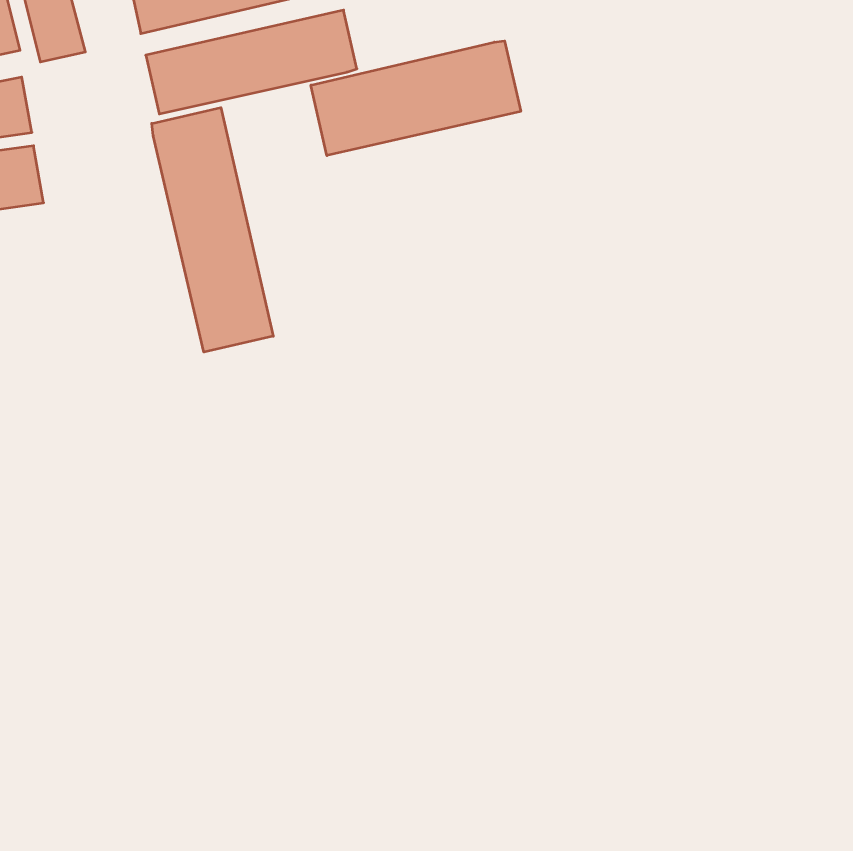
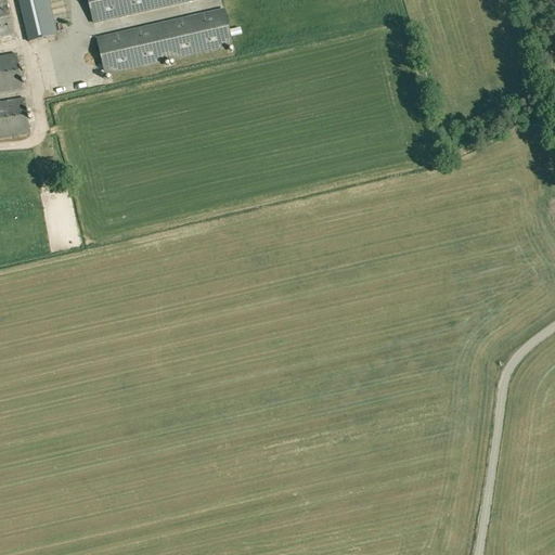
building: [311,41,521,156] -> none
building: [152,108,273,352] -> none

